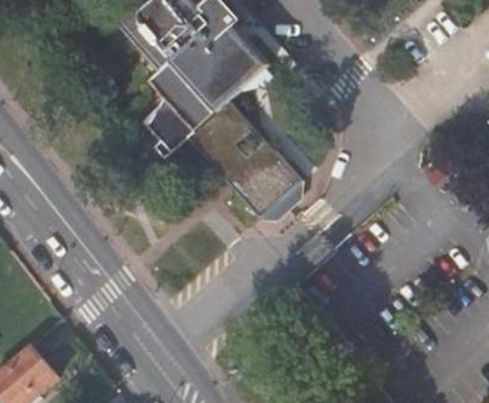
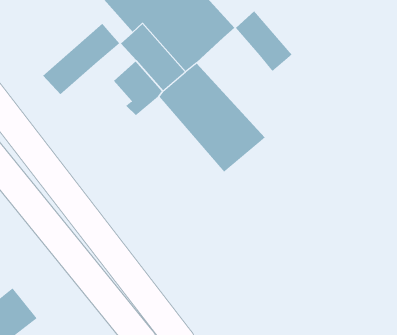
building: none -> [235,11,292,72]
building: none -> [42,23,120,95]

